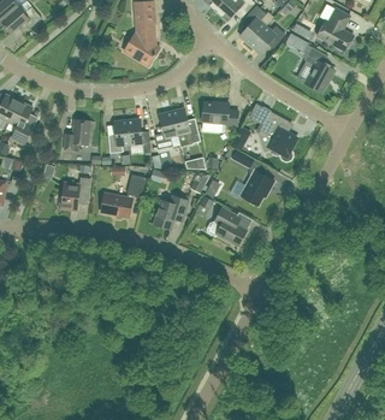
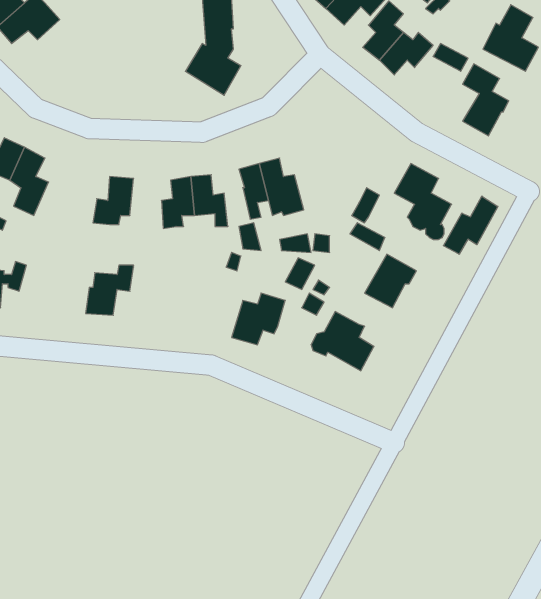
building: [202,101,238,125] -> none
building: none -> [443,196,498,254]
building: [101,174,146,217] -> none

